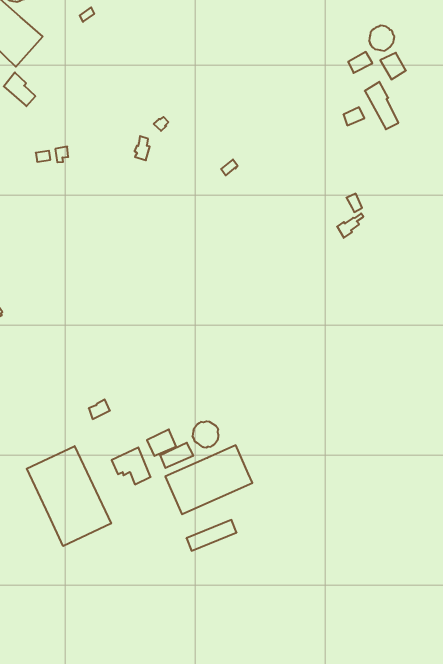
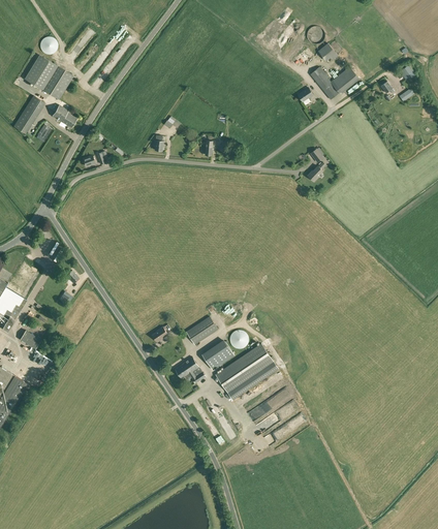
building: none -> [330,66,358,94]
building: none -> [186,316,217,344]
building: [27,446,111,546] -> none

